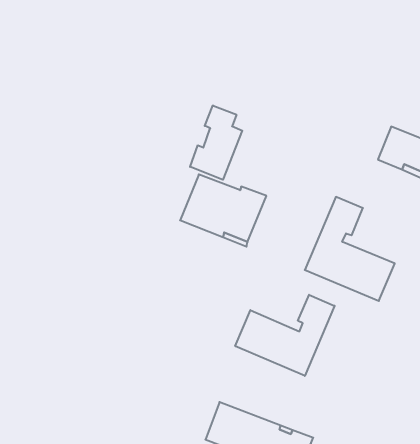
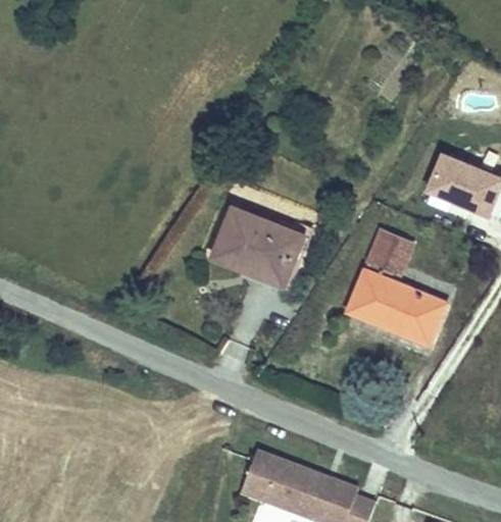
building: [190,105,242,180] -> none
building: [235,295,335,376] -> none

